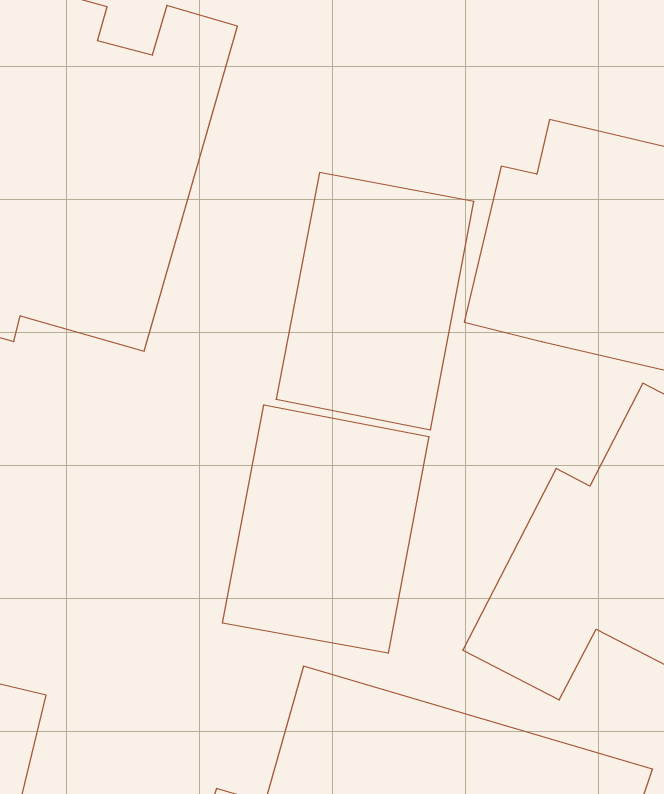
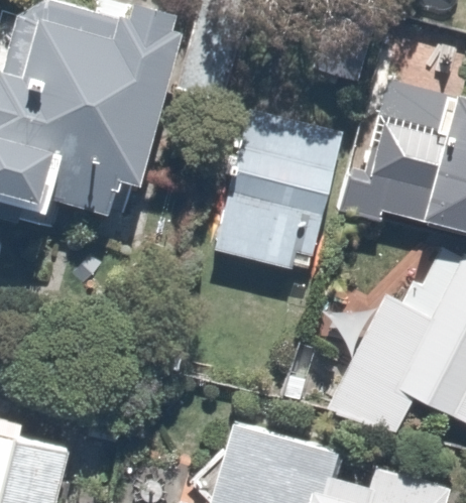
building: [222,405,429,653] -> none

